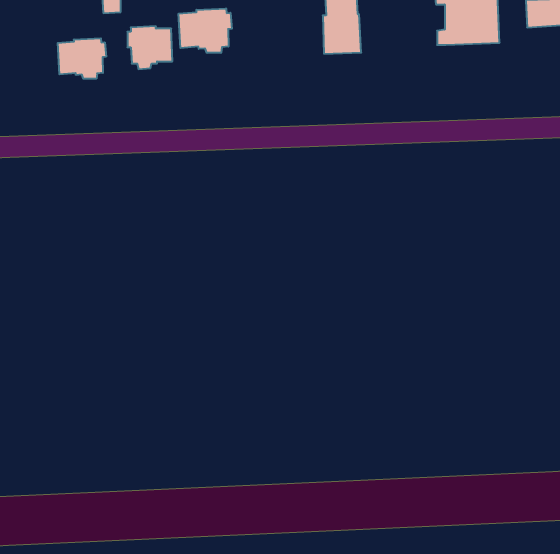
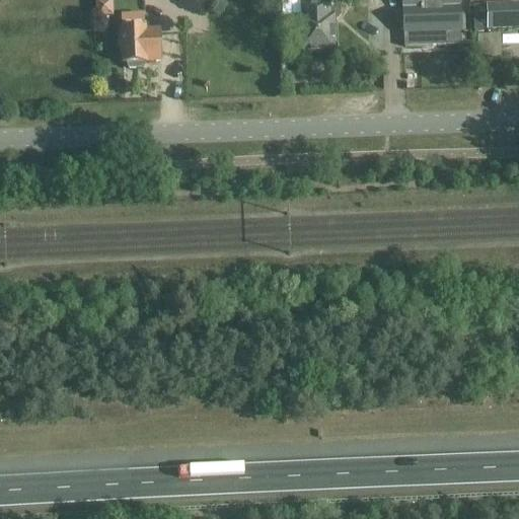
building: [179,8,232,53] -> none
building: [58,38,106,79] -> none

